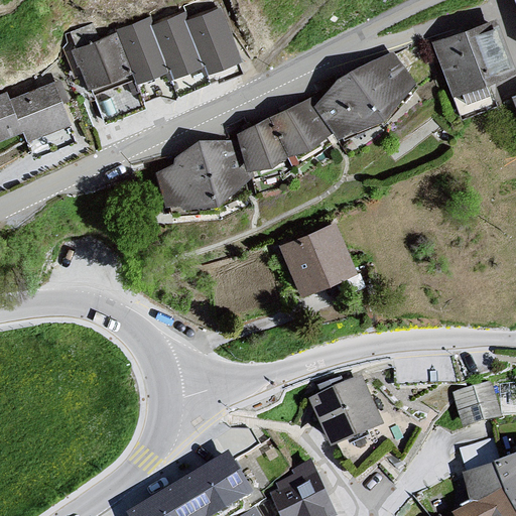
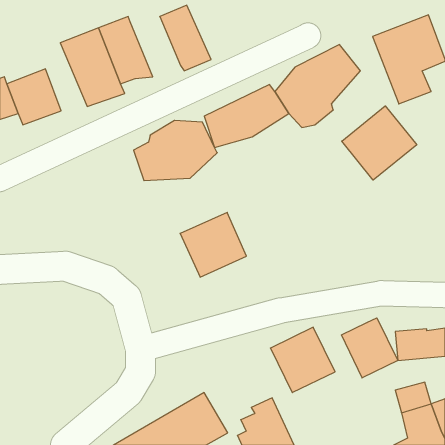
building: [150,13,209,89] -> none
building: none -> [342,106,417,180]
building: [278,221,355,295] -> [180,212,246,277]
building: none -> [341,318,398,378]

